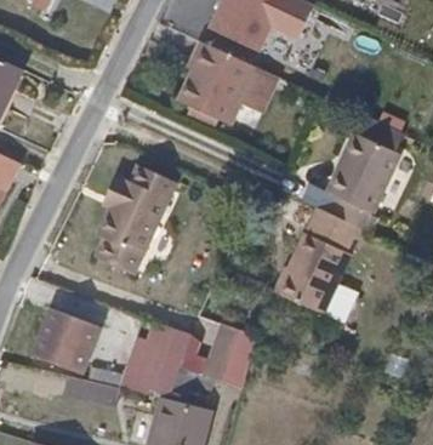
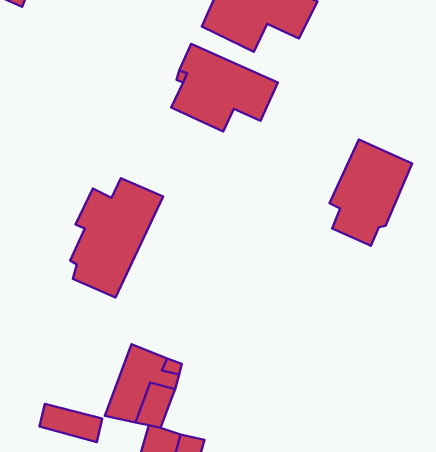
building: [278,209,361,314] -> none
building: [35,306,104,373] -> none
building: [210,327,257,389] -> none

